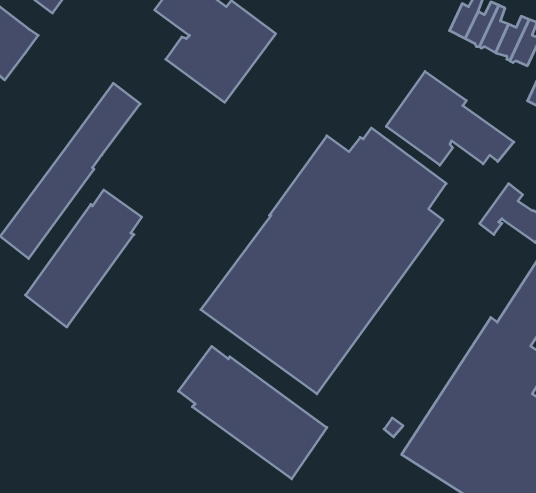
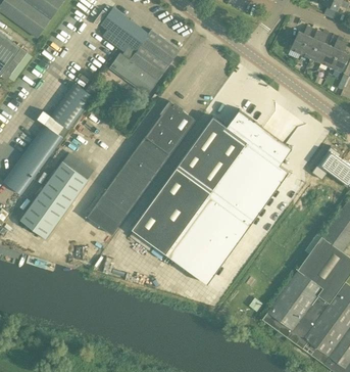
building: [386,71,514,165] -> none
building: none -> [87,102,195,235]
building: [178,346,327,479] -> none

